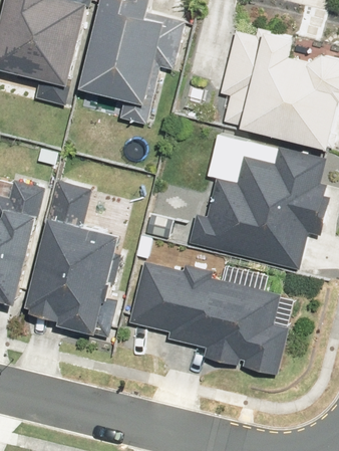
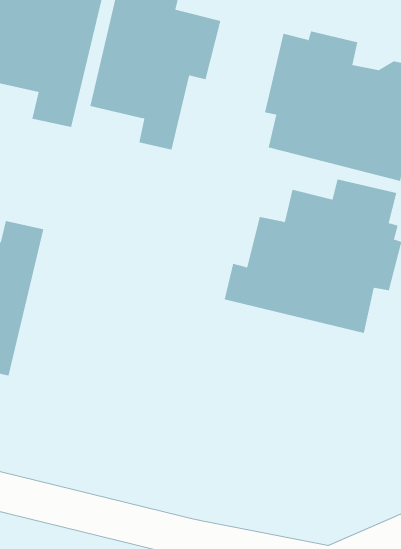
building: [24,180,118,333] -> none
building: [126,260,288,375] -> none

